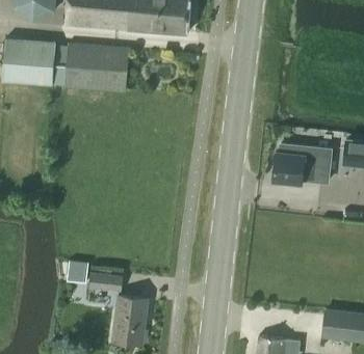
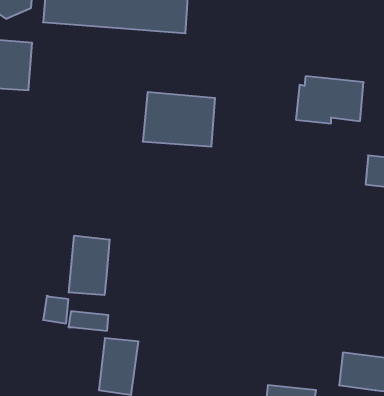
building: [66,44,128,90] -> [143,92,215,146]
building: [272,144,331,185] -> [296,76,364,123]
building: none -> [69,236,110,295]

